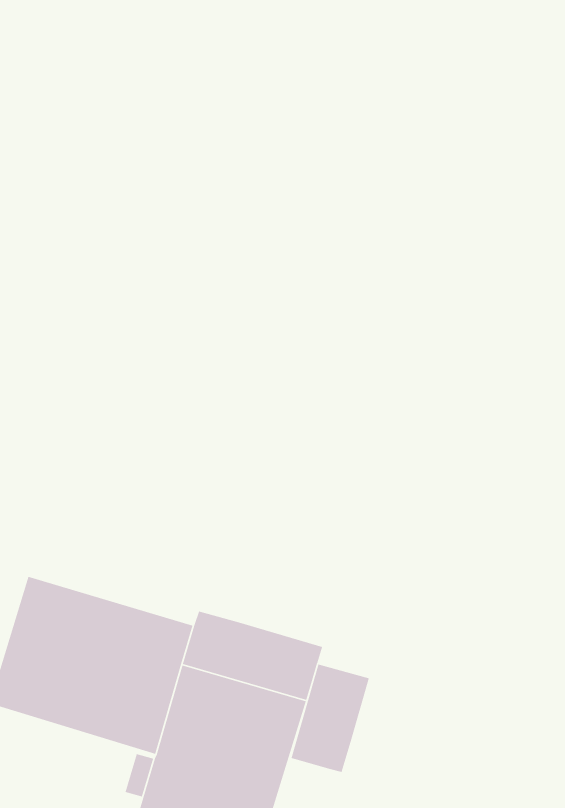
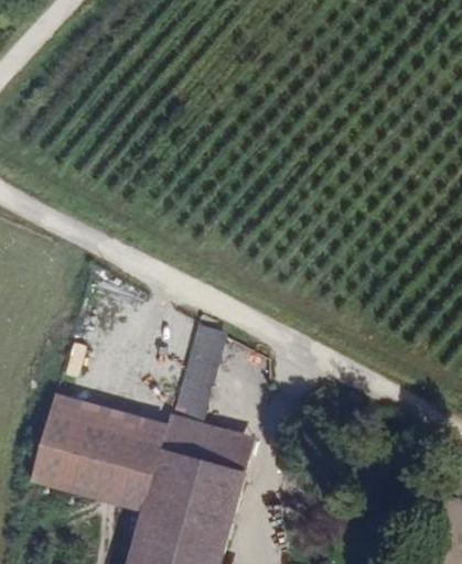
building: none -> [171,310,228,425]
building: [290,664,370,773] -> none

